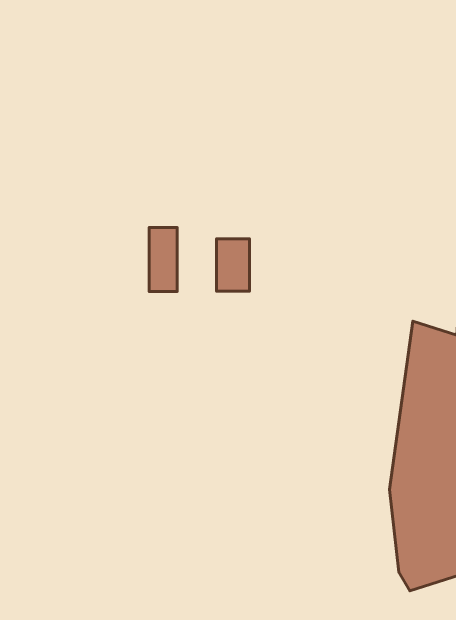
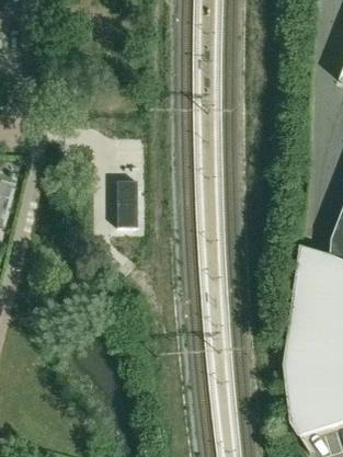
building: [217,239,249,291] -> none

